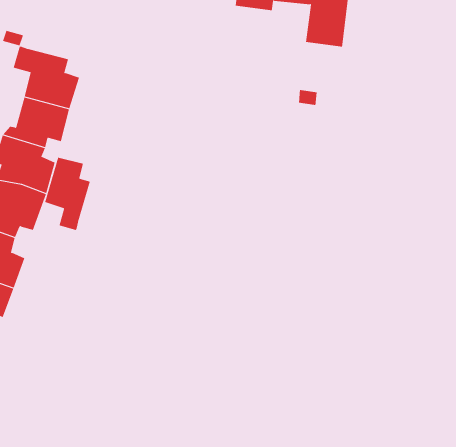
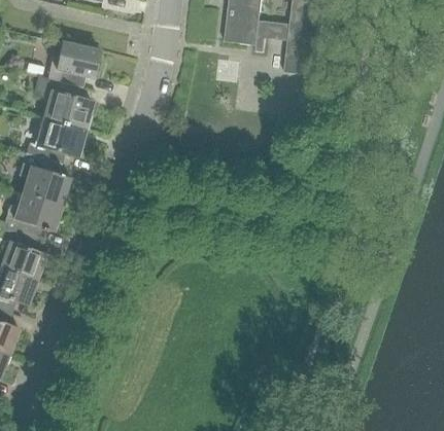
building: none -> [47,41,99,85]
building: [44,157,91,231] -> none

